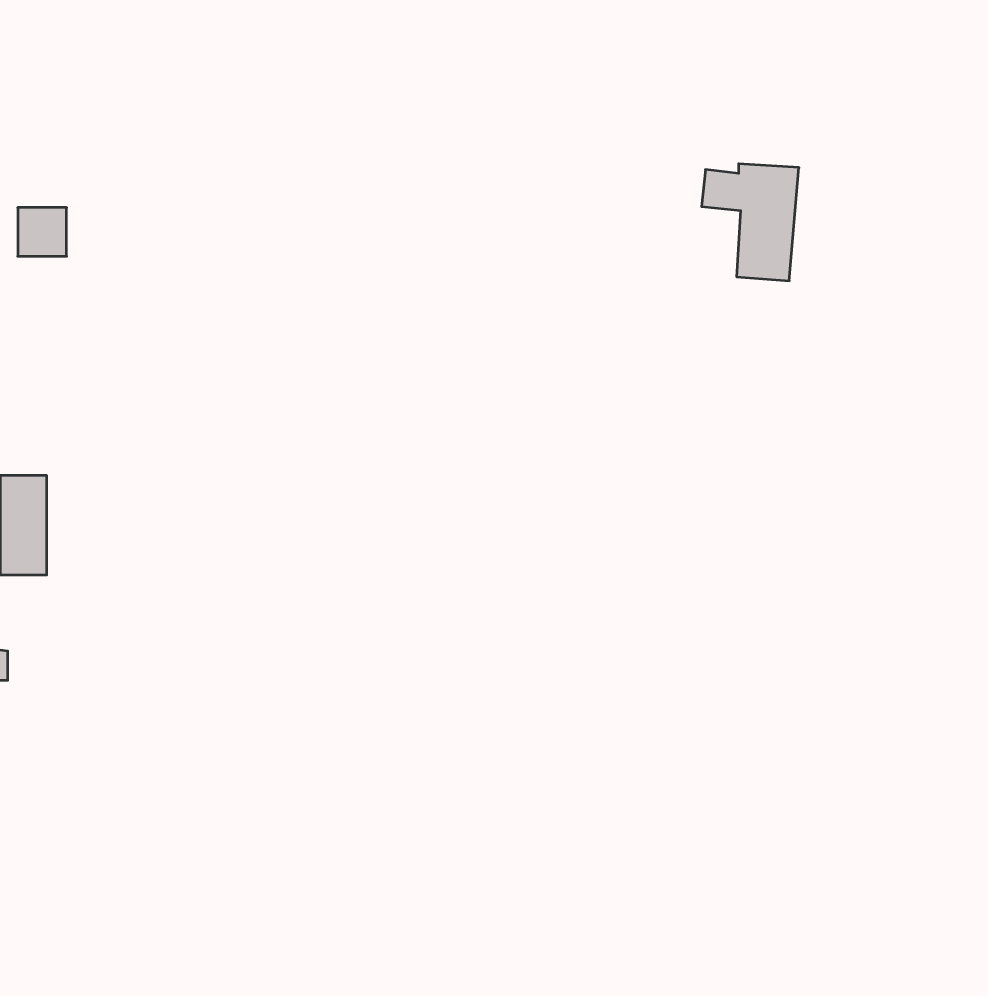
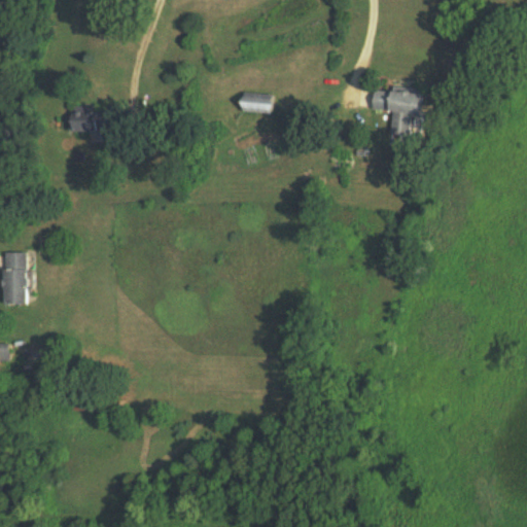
building: none -> [242,93,273,113]
building: [18,208,67,256] -> [70,106,96,132]

